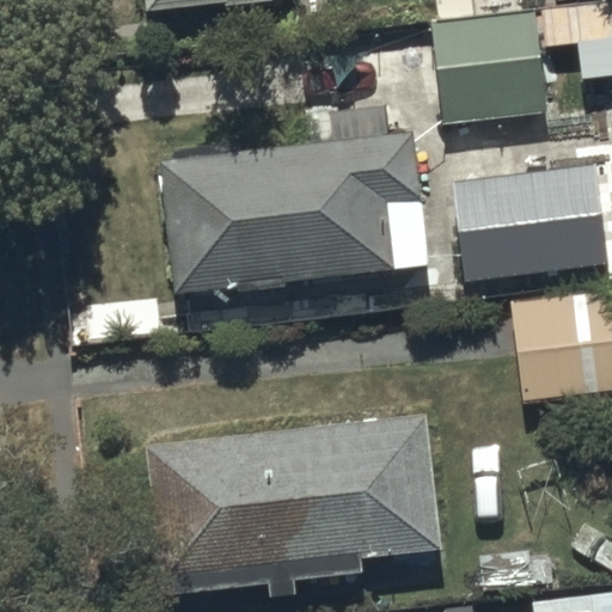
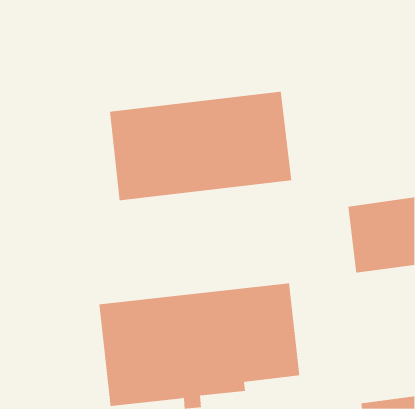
building: [432,10,547,124] -> none
building: [452,152,605,273] -> none

